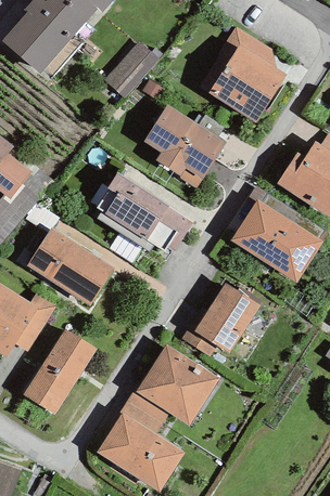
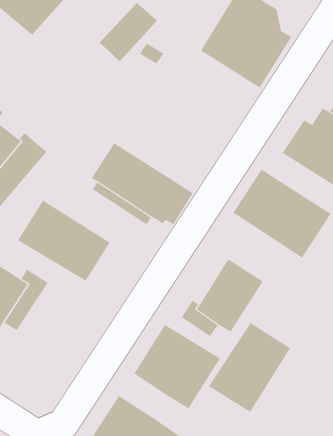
building: [142,104,226,188] -> none
building: [22,328,96,414] -> none
building: none -> [208,322,291,413]
building: [119,390,168,433] -> none

